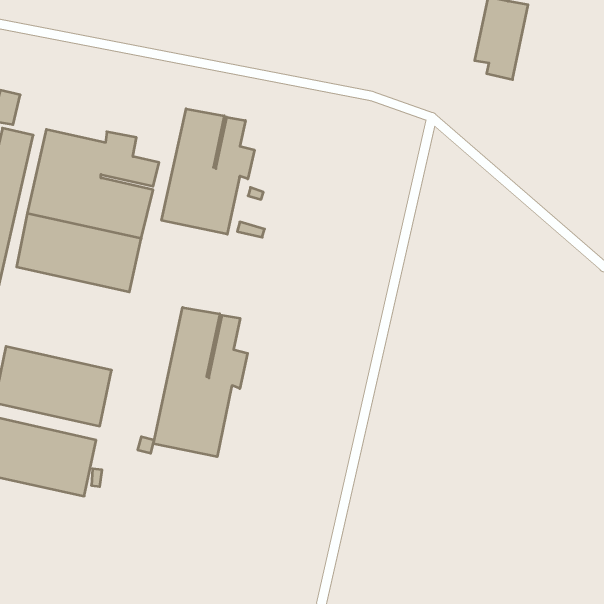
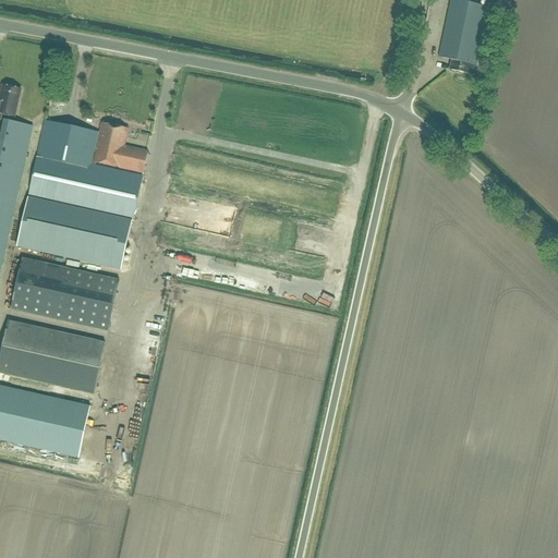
building: [162,109,254,234] -> none
building: none -> [9,257,117,329]
building: [153,307,248,457] -> none

